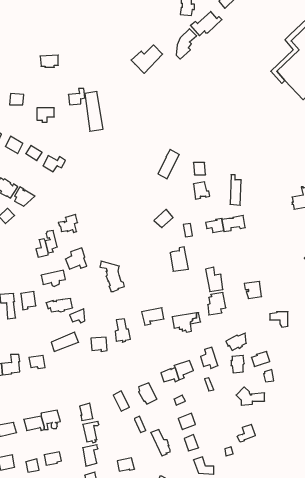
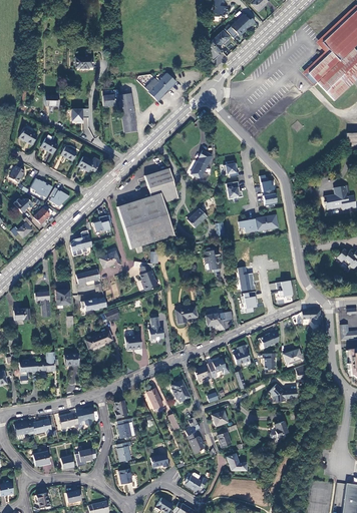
building: [131,45,163,73] -> [144,73,175,101]
building: none -> [116,168,177,249]

